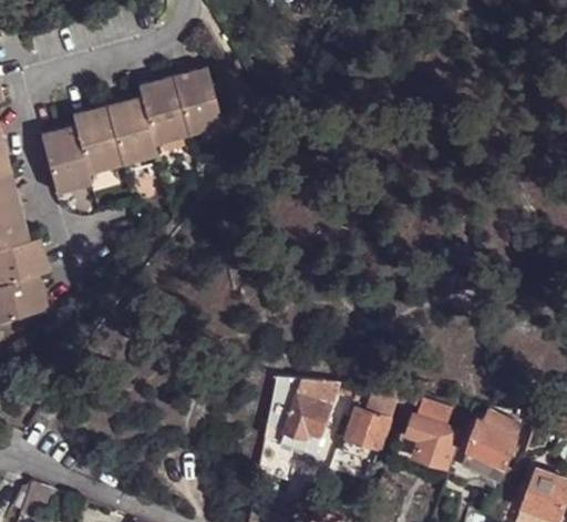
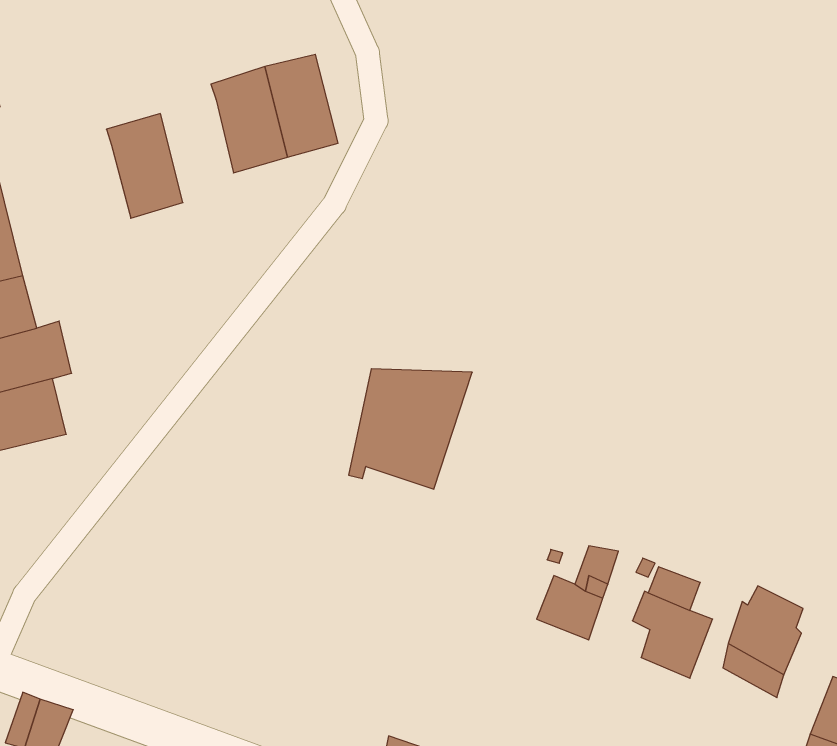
building: [107,100,157,165] -> none
building: [41,129,91,195] -> none
building: [261,376,340,452] -> [349,369,472,489]

